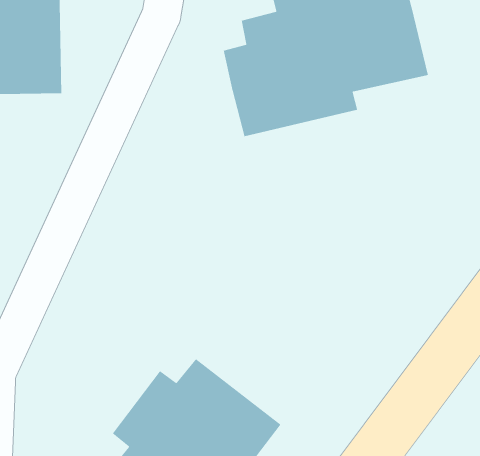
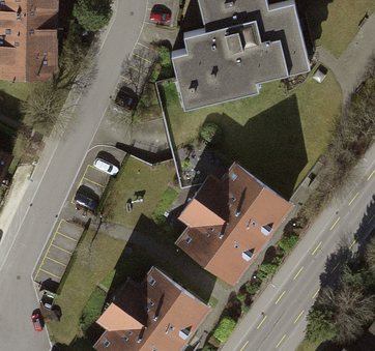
building: none -> [174,164,294,289]

